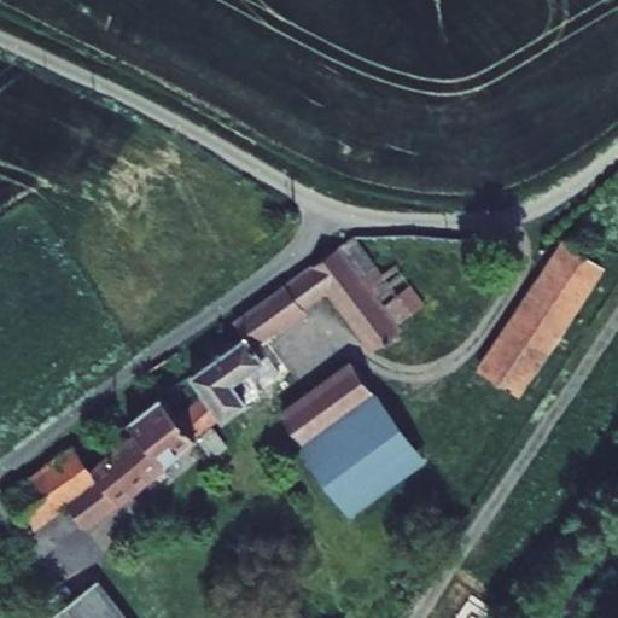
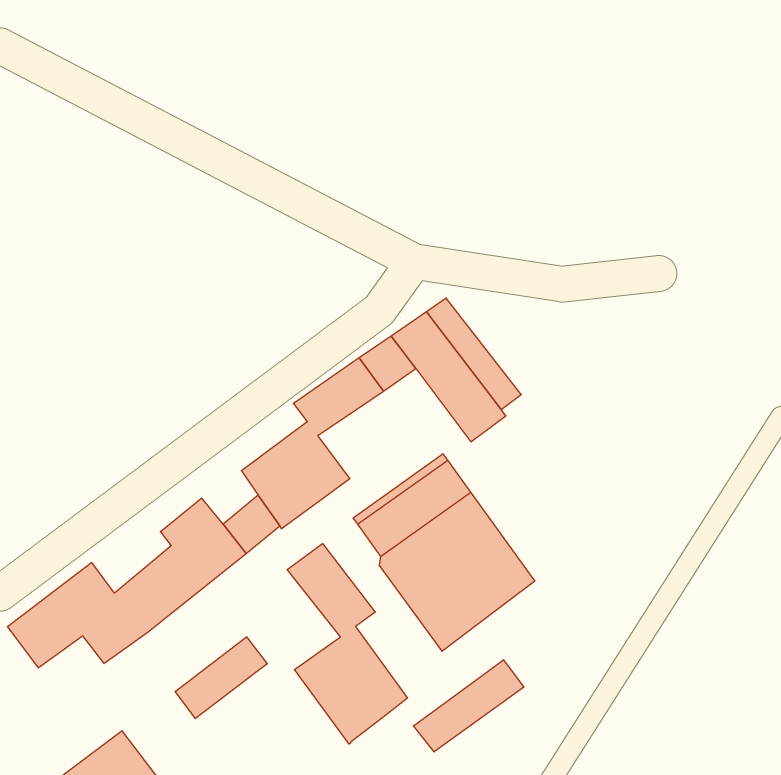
building: [479,245,601,396] -> none
building: none -> [287,544,407,744]
building: none -> [175,637,267,719]
building: none -> [413,660,524,752]

